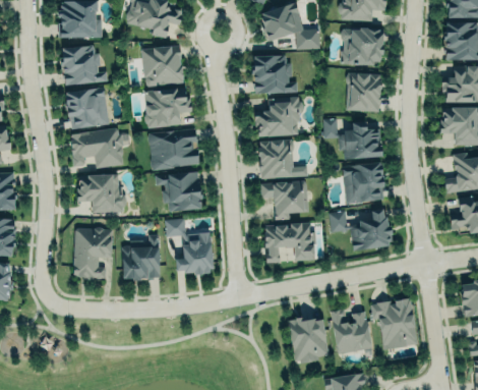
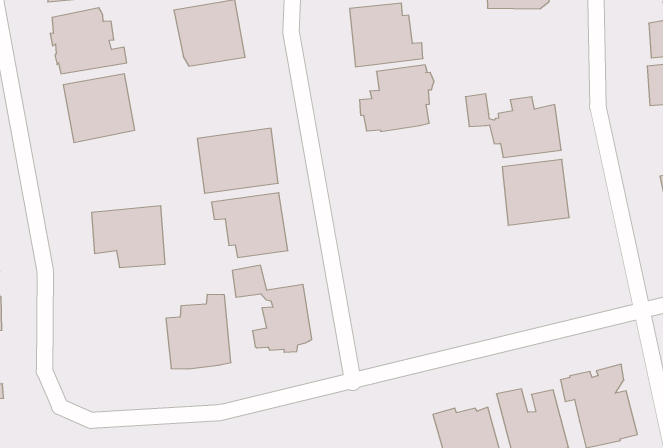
building: [347,74,383,111] -> none
building: [144,88,191,128] -> none
building: [70,128,124,169] -> none
building: [258,140,308,179] -> none
building: [260,181,308,221] -> none
building: [330,210,392,252] -> none
building: [264,223,317,264] -> none
building: [73,227,112,280] -> none

